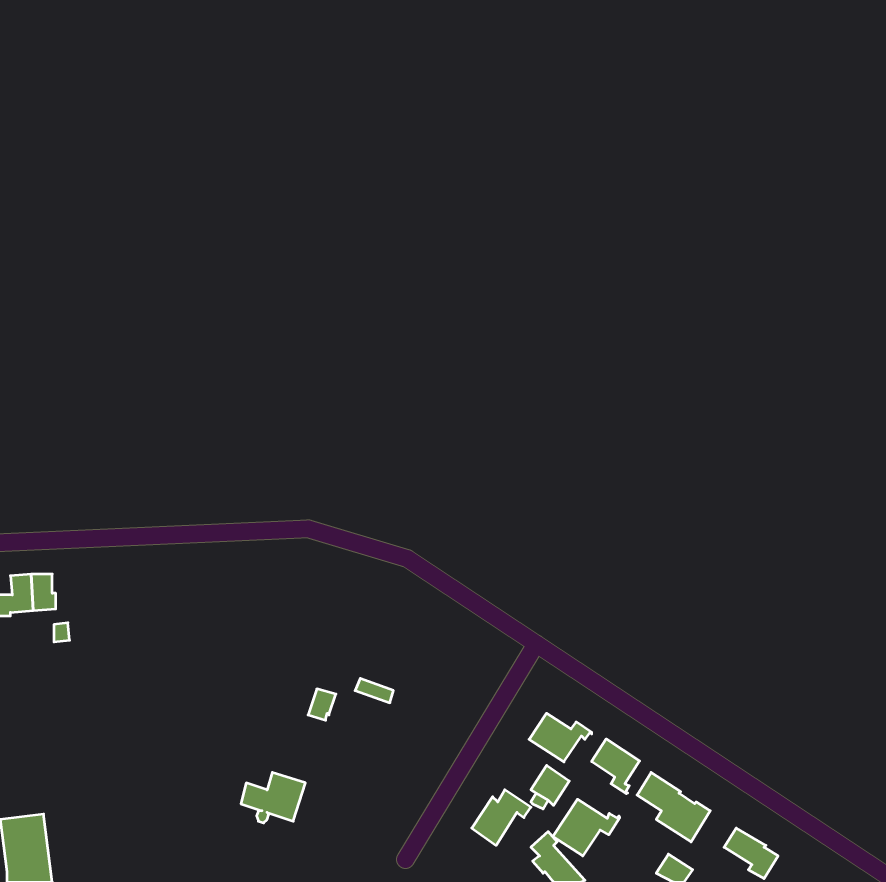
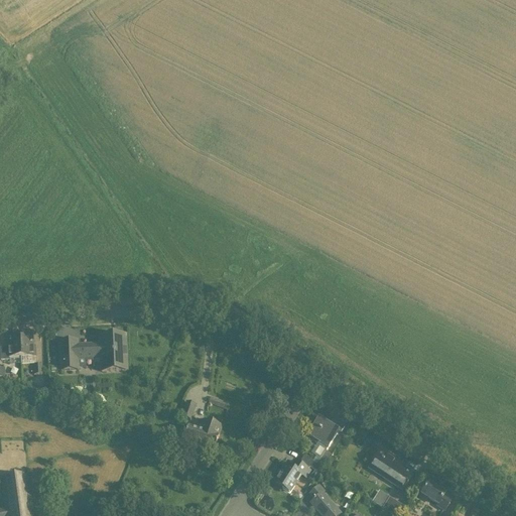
building: none -> [57,333,124,369]
building: [592,739,640,794] -> none
building: [241,772,305,823] -> [182,418,220,447]
building: [553,799,620,856] -> none

